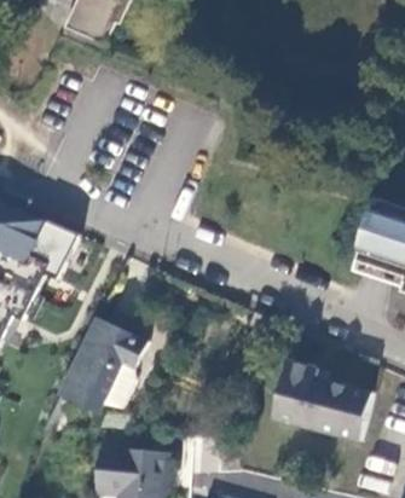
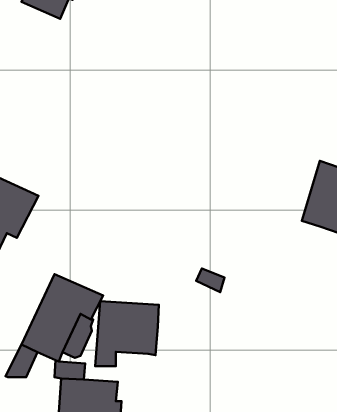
building: none -> [95,301,159,366]
building: [273,357,371,436] -> none

